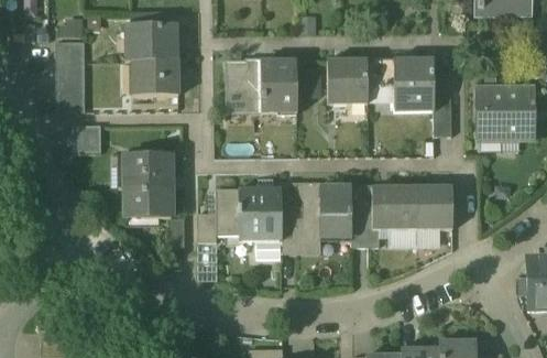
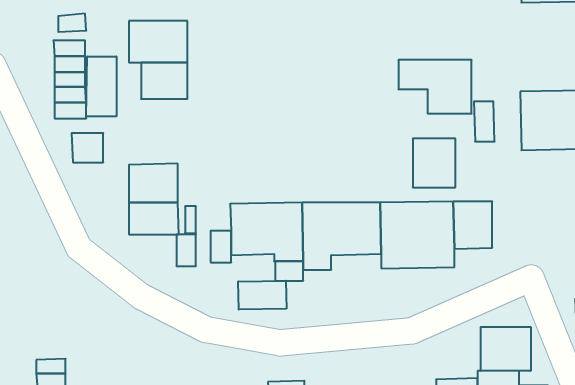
building: none -> [86,56,116,116]
building: [329,58,368,102] -> [413,139,455,187]
building: [227,59,298,115] -> none
building: none -> [238,281,286,310]
building: none -> [481,327,531,371]

